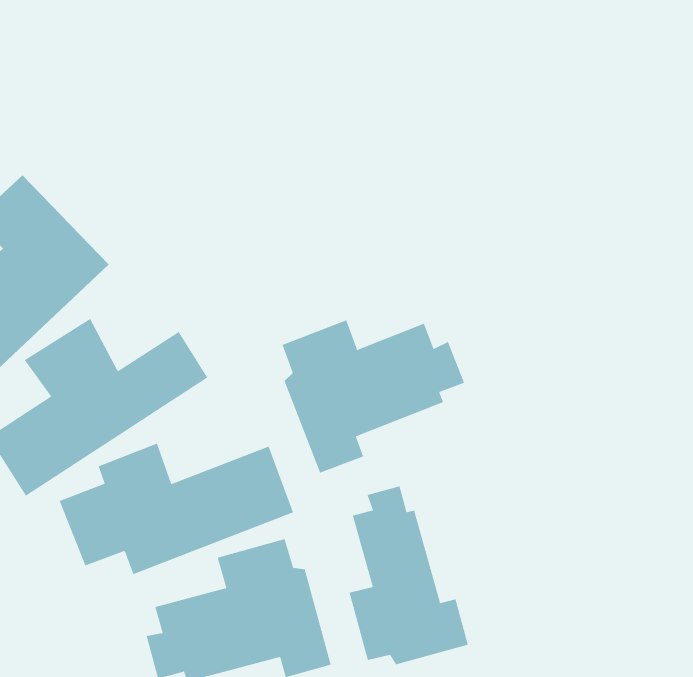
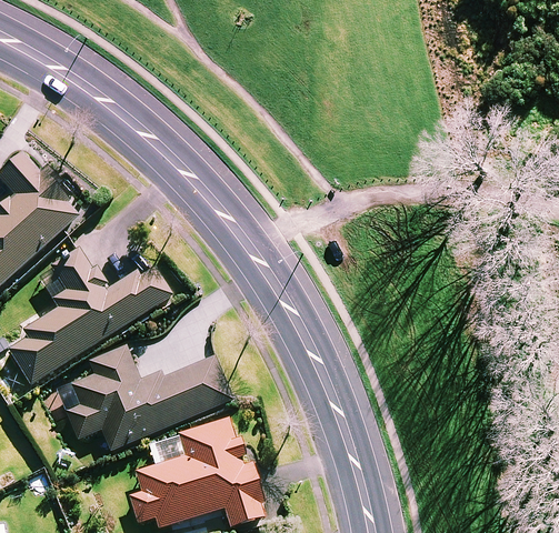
building: [282,320,465,473] -> none
building: [349,485,468,665] -> none

